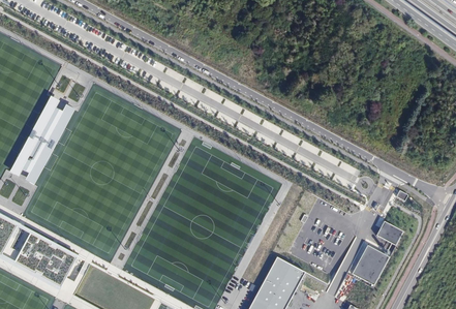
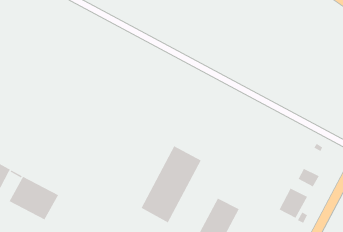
building: [9,95,74,184] -> none
building: none -> [140,145,202,223]

